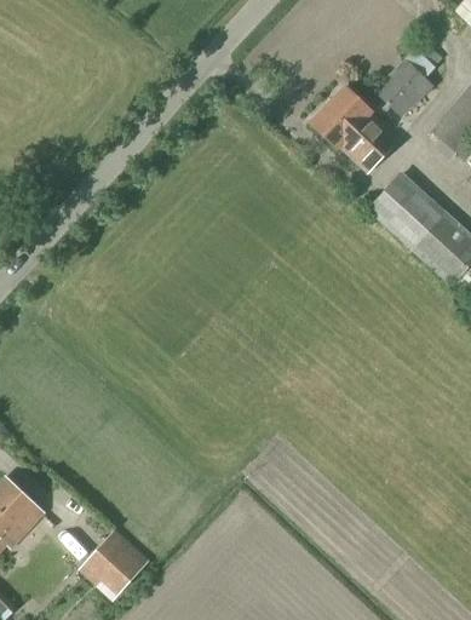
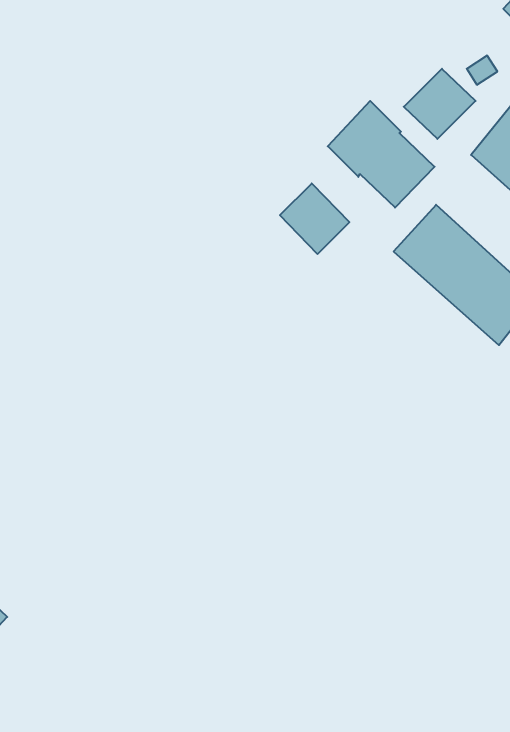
building: none -> [280,183,349,254]
building: [79,528,150,602] -> none

